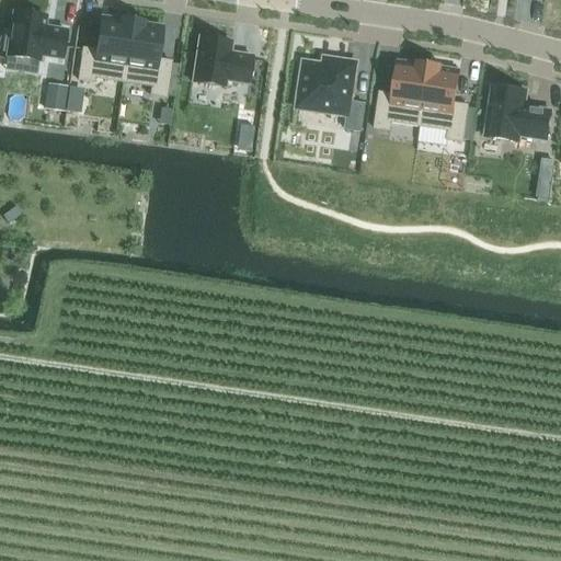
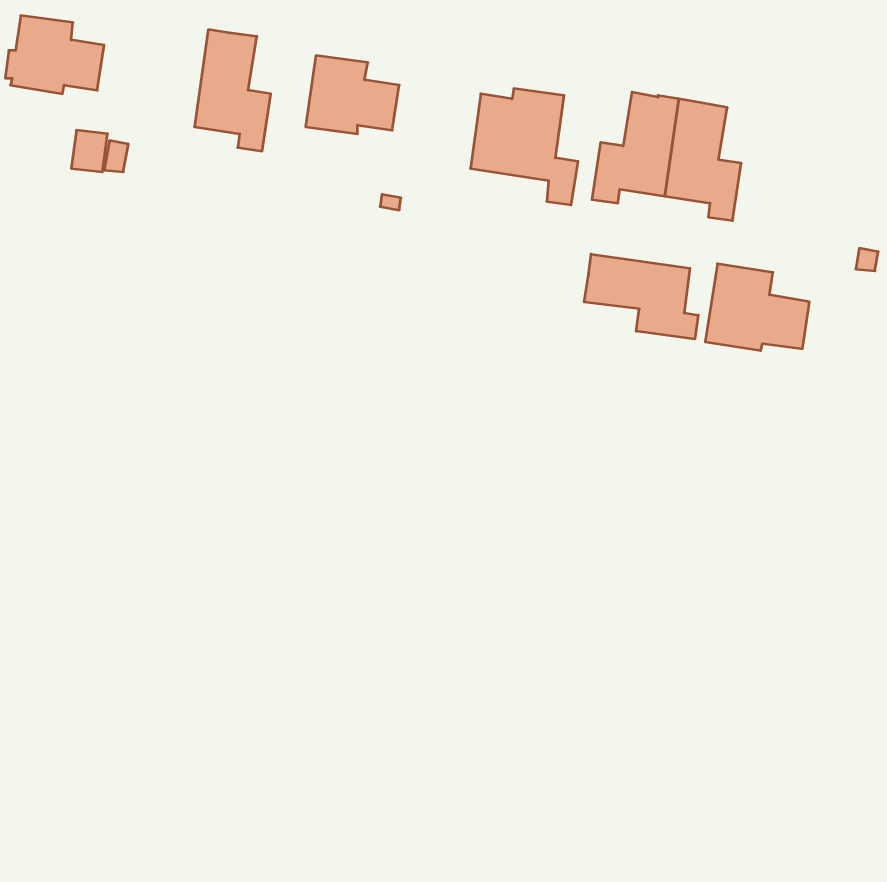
building: [78,14,131,80] -> none
building: [484,84,550,139] -> [705,264,809,351]
building: none -> [584,254,698,339]

